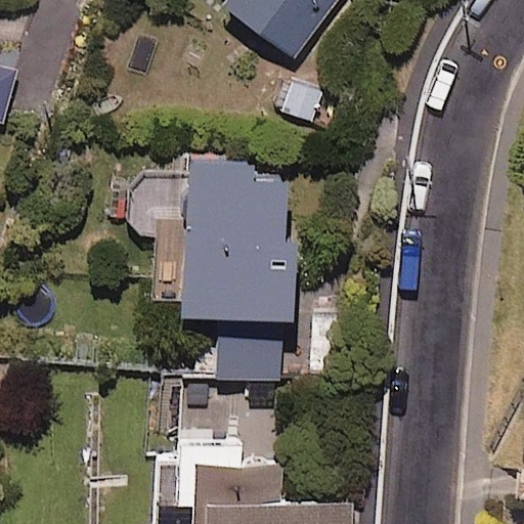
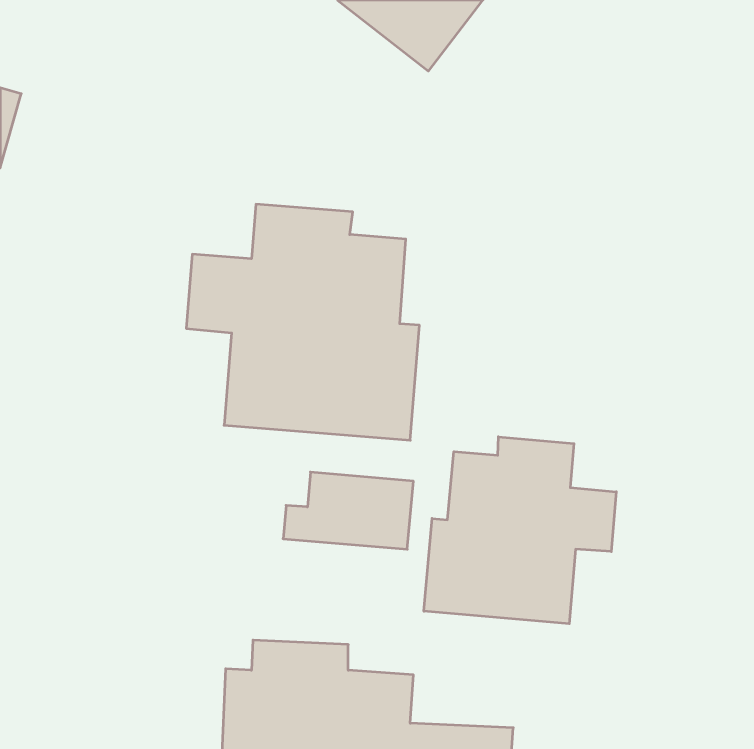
building: none -> [424,437,616,624]

